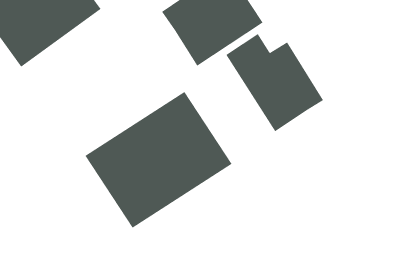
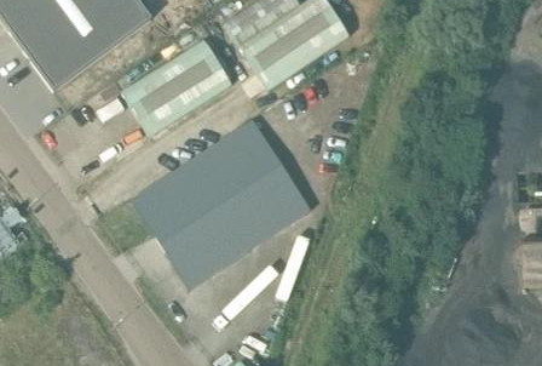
building: none -> [121,39,231,136]
building: [225,33,324,132] -> none

